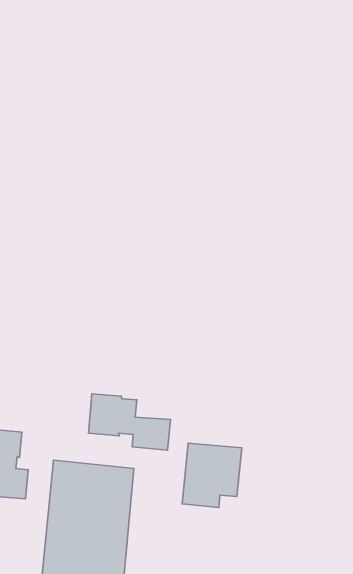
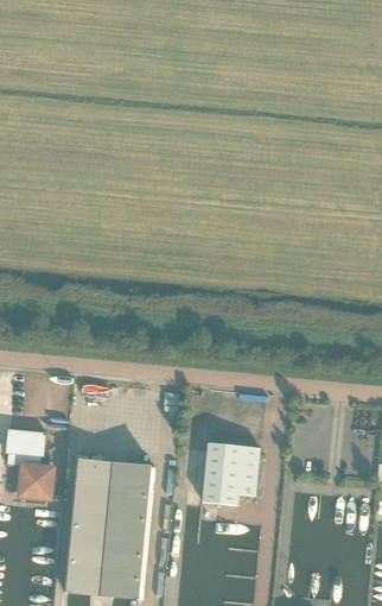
building: [88,394,171,450] -> none

